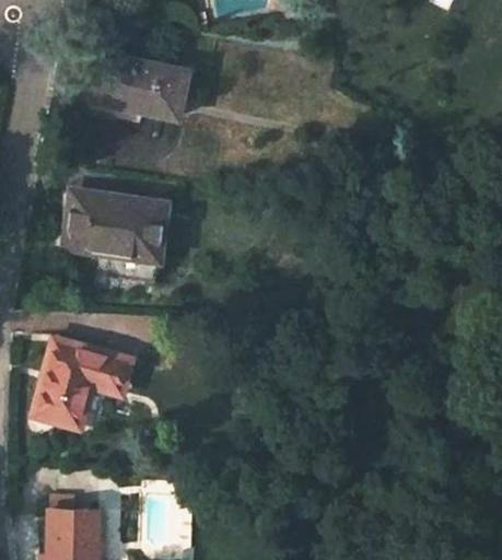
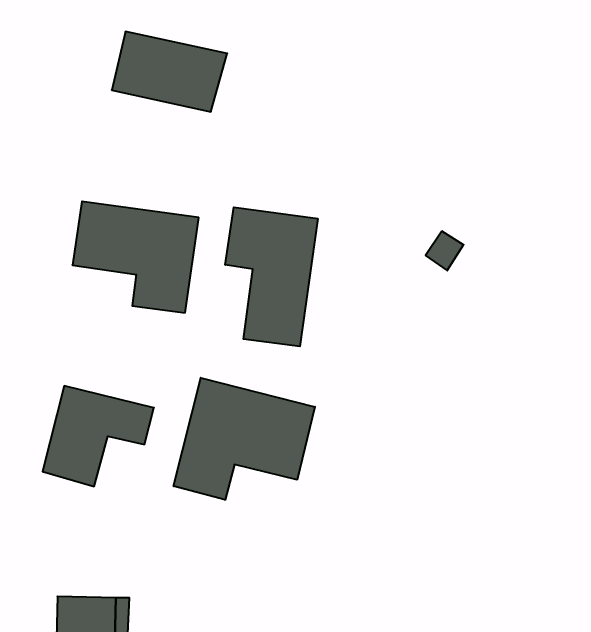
building: none -> [225,207,318,346]
building: none -> [174,378,315,500]

